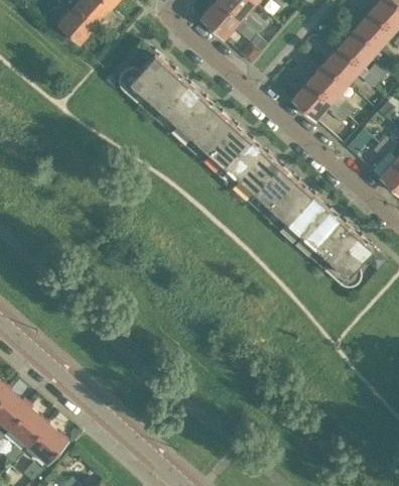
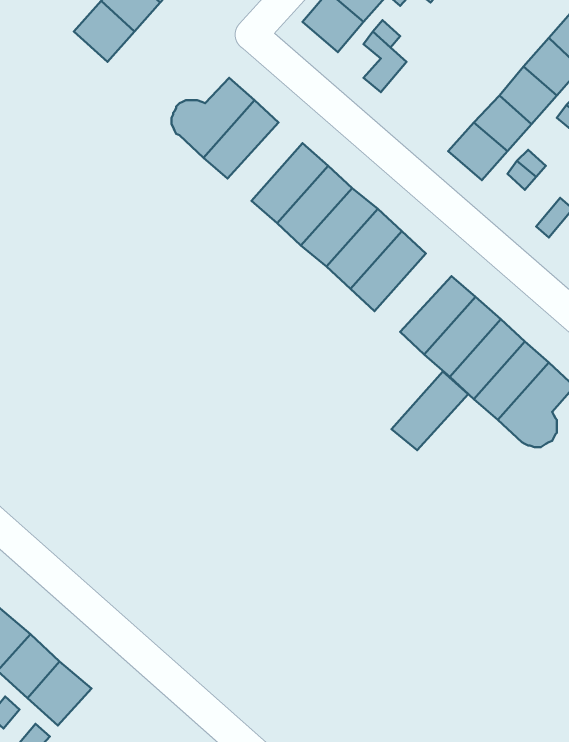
building: [153,83,201,132] -> none
building: [246,165,294,215] -> [392,372,468,450]

